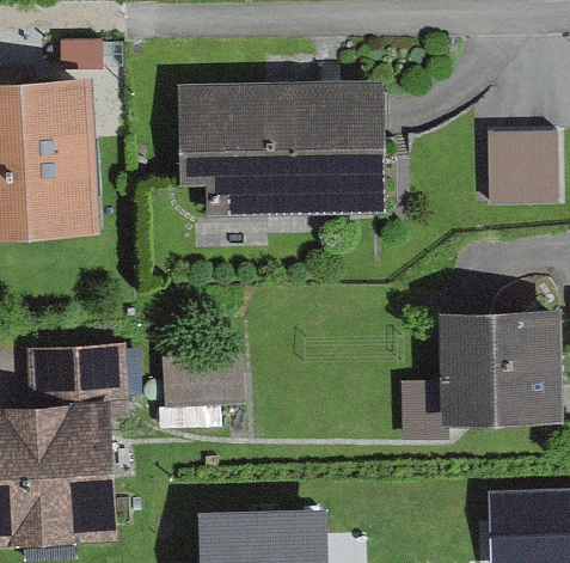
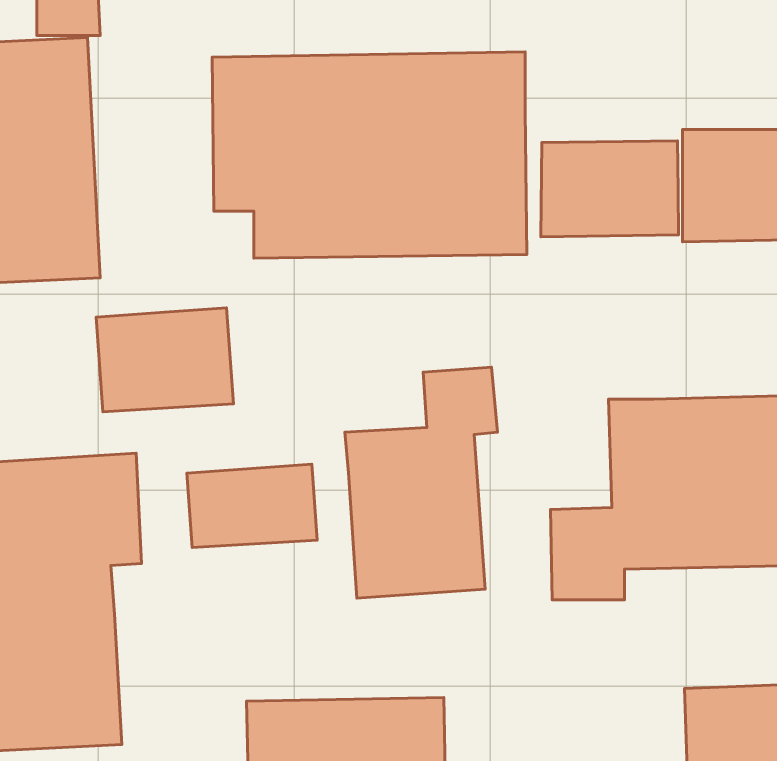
building: none -> [541,141,679,237]
building: none -> [96,308,234,412]
building: none -> [345,367,497,598]

